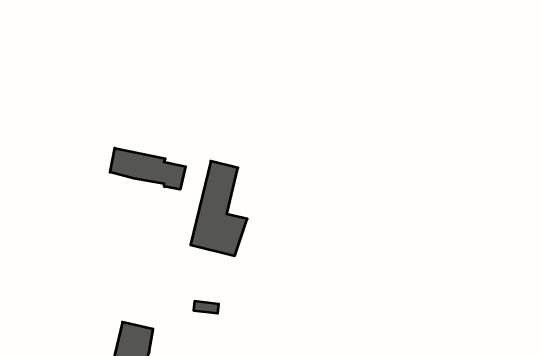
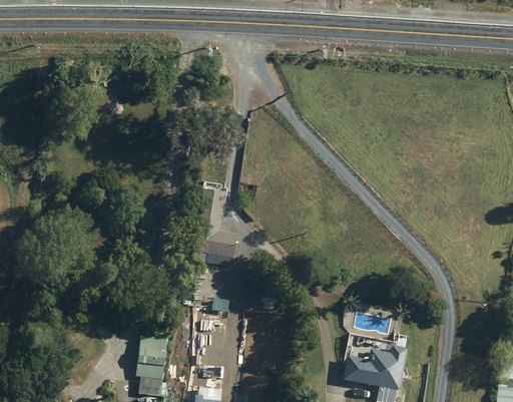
building: [110,148,186,189] -> none

